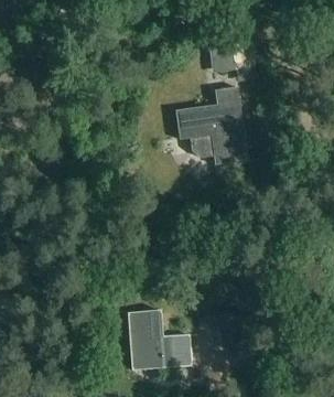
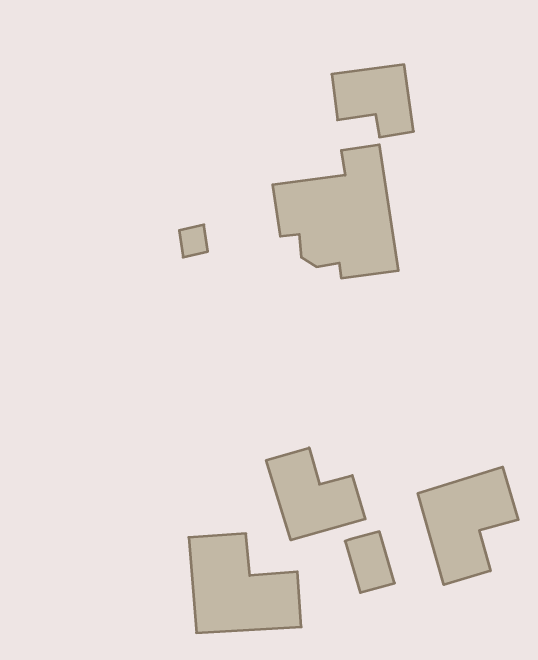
building: none -> [266,448,365,540]
building: none -> [418,467,518,585]

